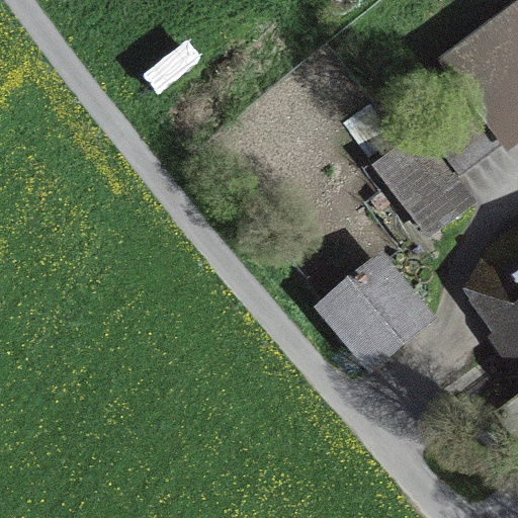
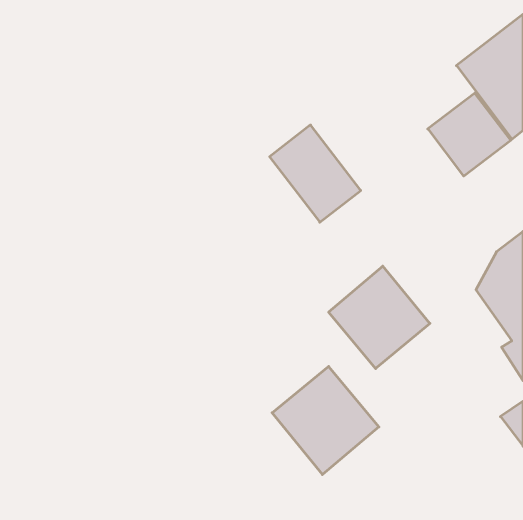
building: [379,135,469,231] -> [270,125,361,222]
building: none -> [272,366,379,475]

